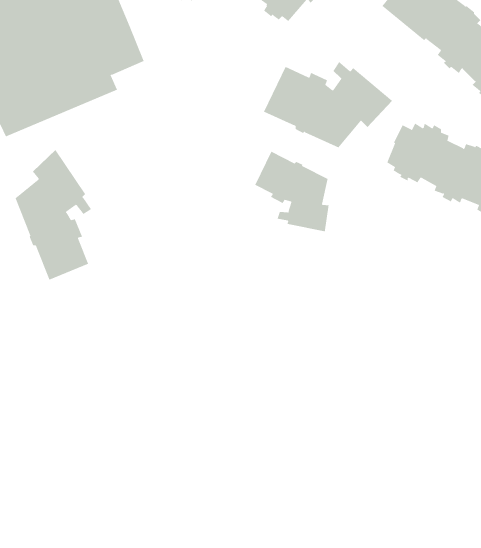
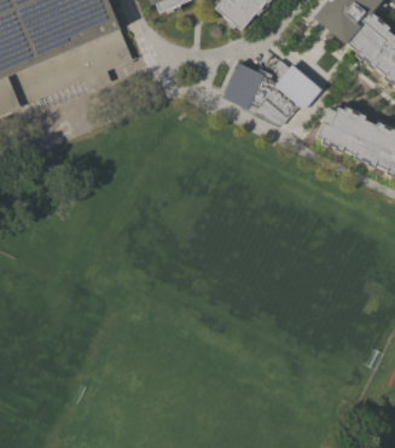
building: [15,149,92,281] -> none
building: [255,151,329,232] -> none

